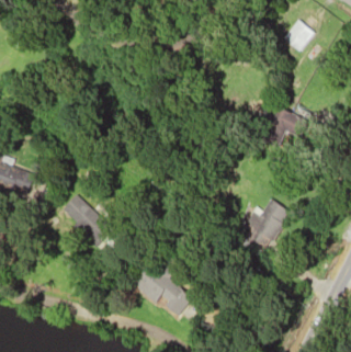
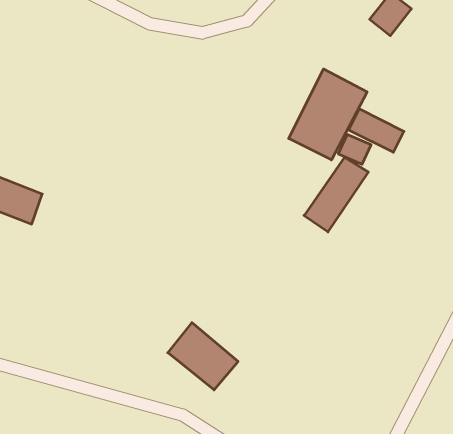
building: none -> [289,69,367,160]
building: [65,195,112,240] -> none
building: [237,201,284,256] -> [304,157,368,232]

